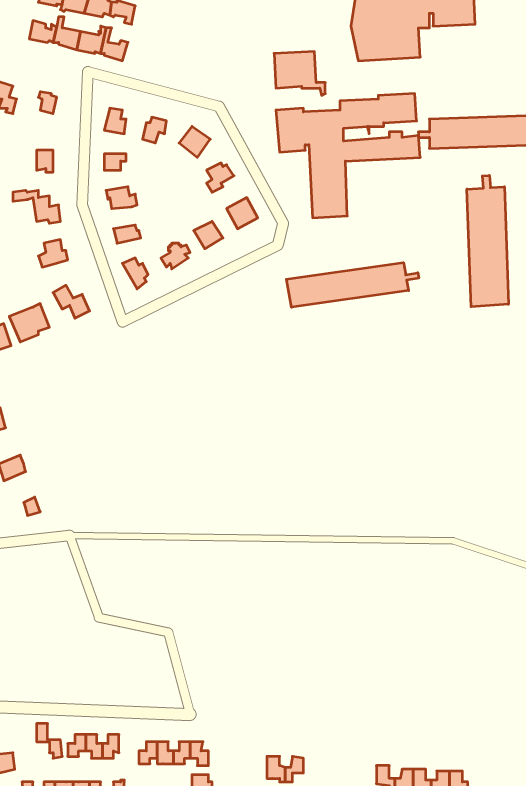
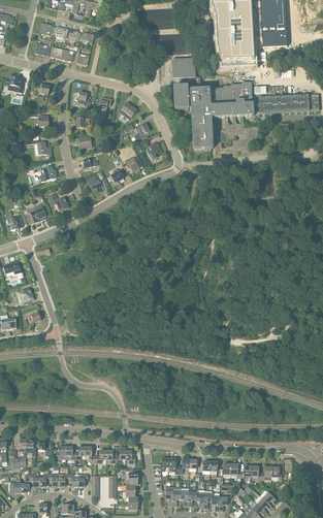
building: [467,175,508,307] -> none
building: [286,263,419,307] -> none

